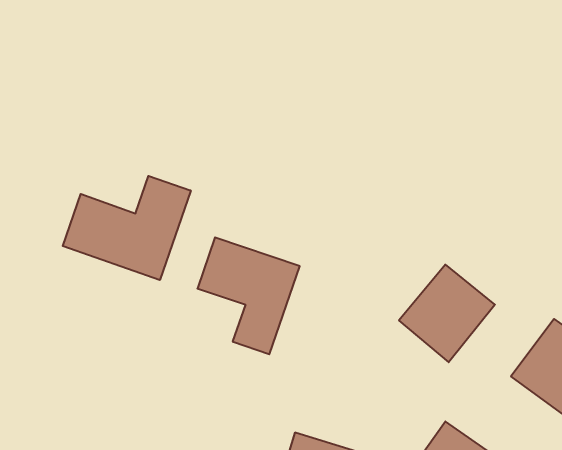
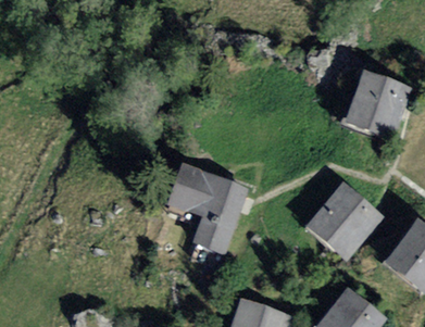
building: none -> [355,83,403,134]
building: [63,176,191,280] -> none

